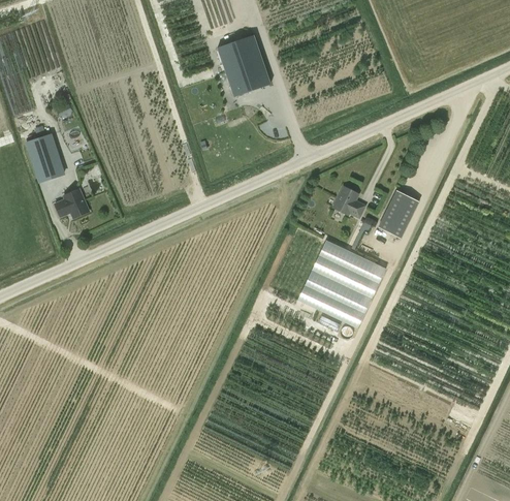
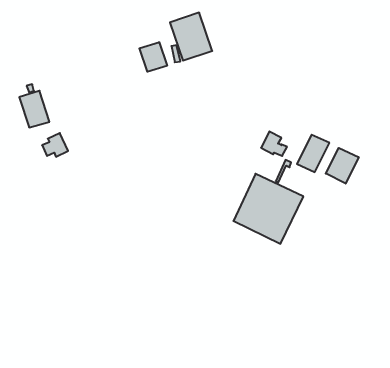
building: none -> [139,42,167,72]
building: none -> [326,148,359,184]

